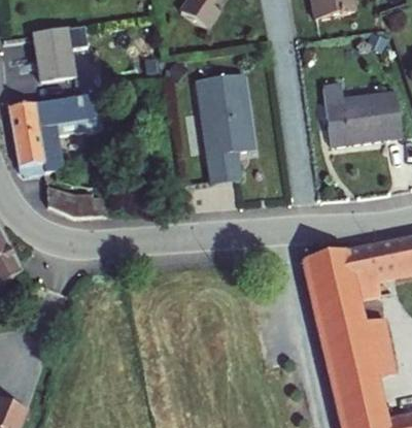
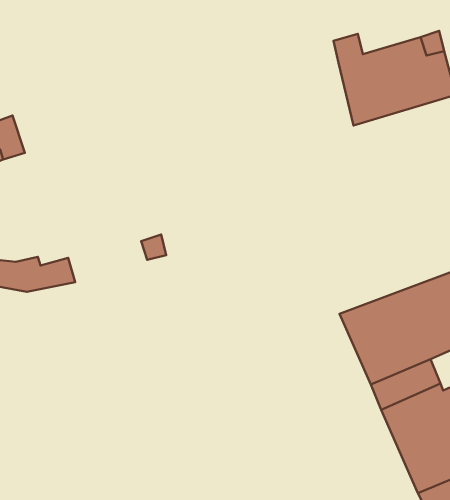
building: [195,74,248,192] -> none

